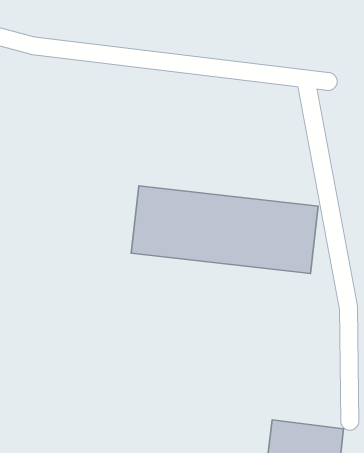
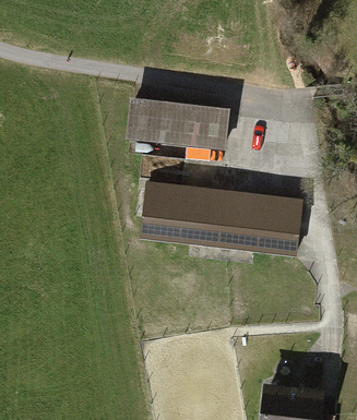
building: none -> [128,98,230,152]

